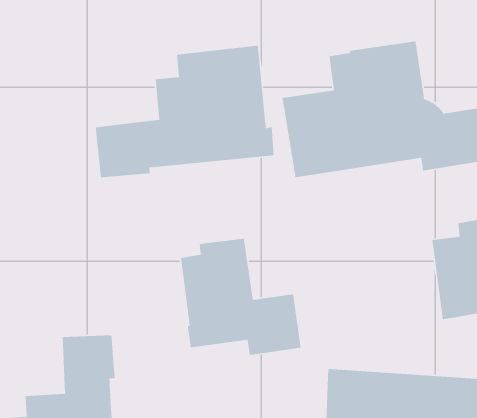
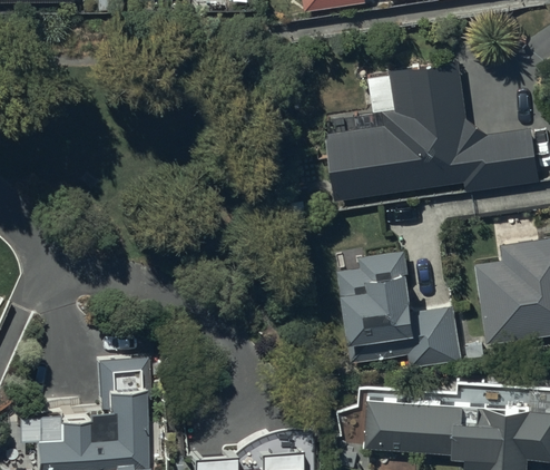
building: [95,45,275,178] -> none
building: [180,238,302,356] -> [338,249,462,370]

